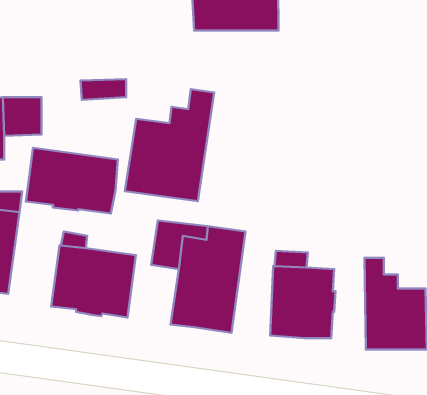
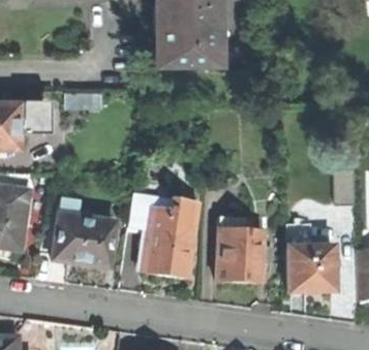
building: [125,89,214,201] -> none
building: [26,148,118,213] -> none

